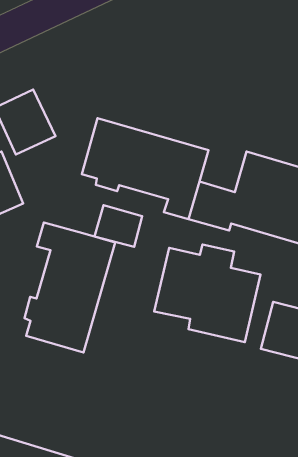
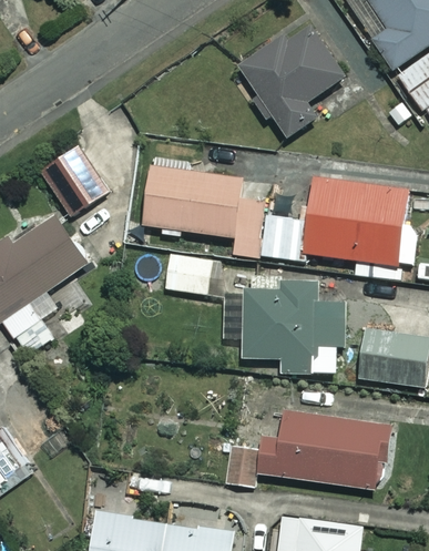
building: none -> [237,21,345,140]
building: [24,222,115,352] -> none
building: none -> [229,409,392,489]

